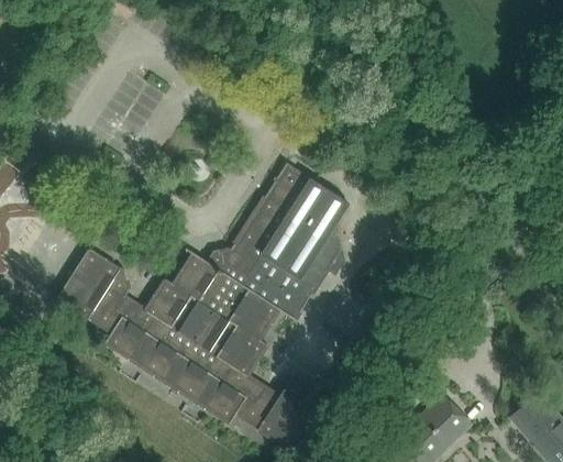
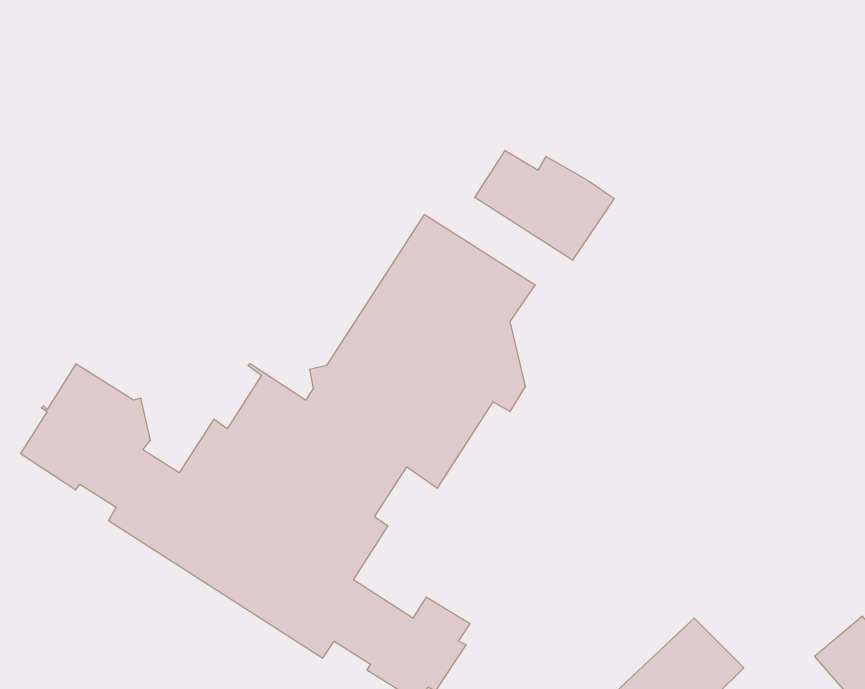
building: none -> [475,151,614,260]

